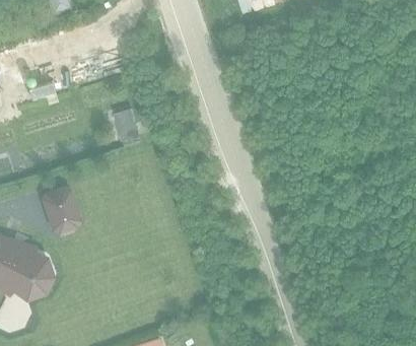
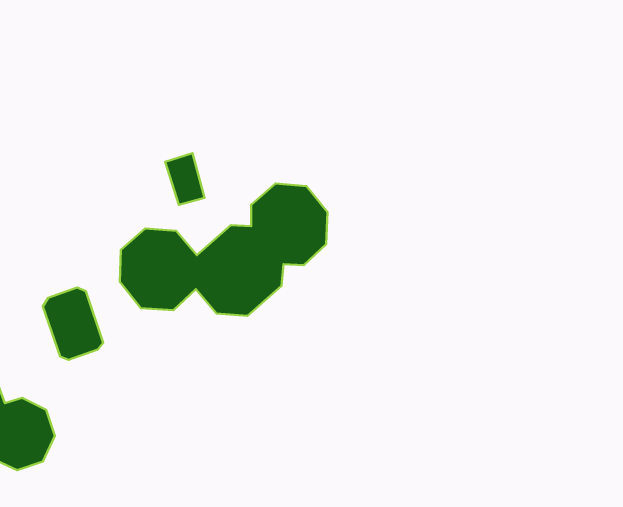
building: none -> [120,184,328,316]

